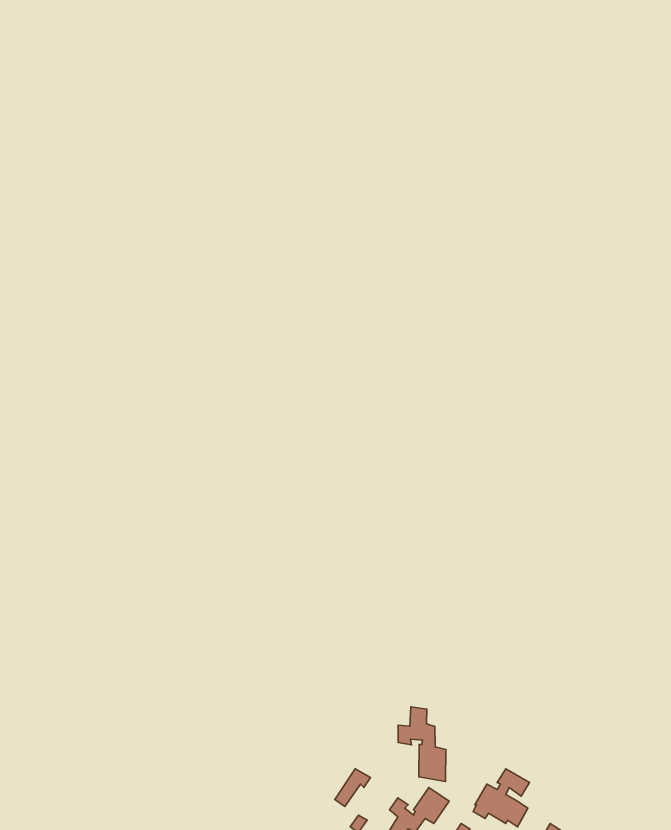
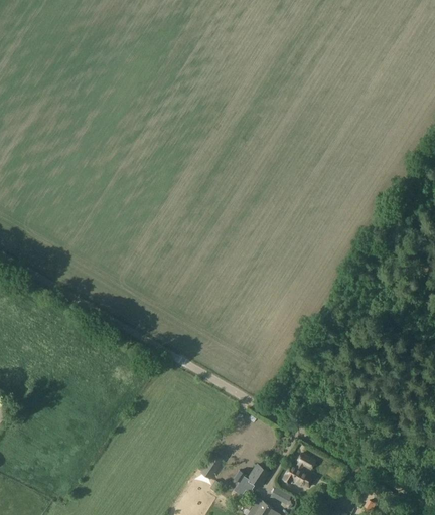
building: [398,707,446,782] -> none

